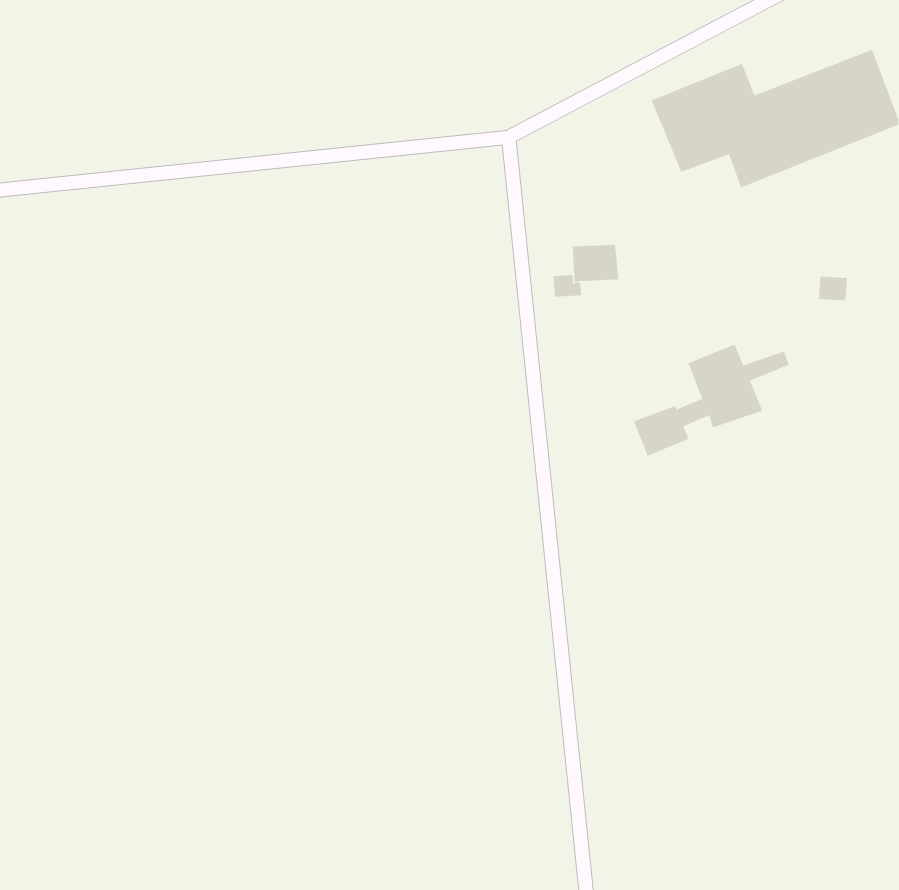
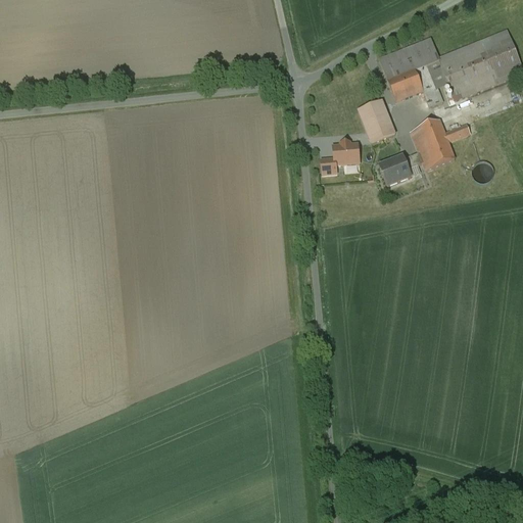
building: none -> [359,99,394,142]
building: [633,344,790,456] -> [379,120,470,185]

